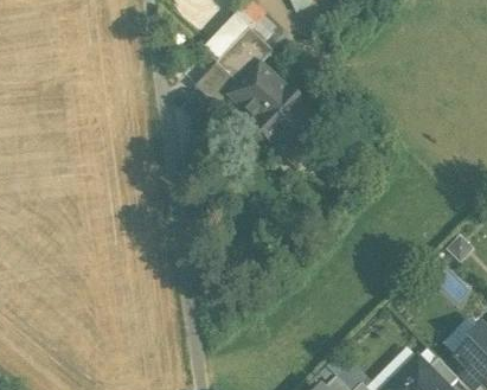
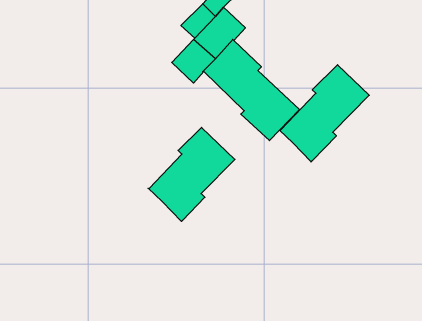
building: none -> [279,65,369,162]
building: none -> [148,127,235,221]

